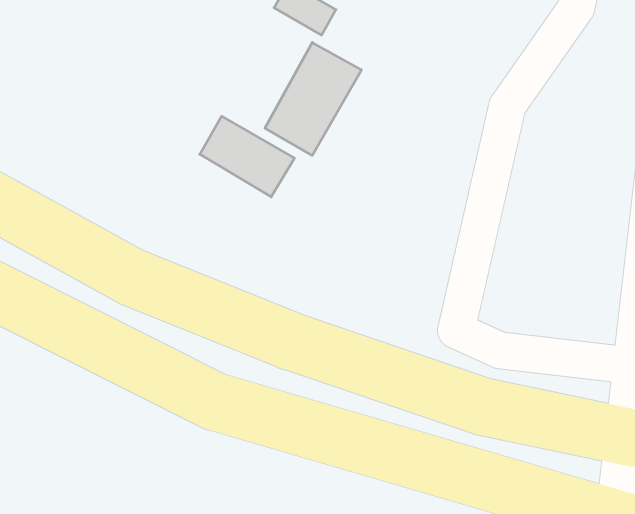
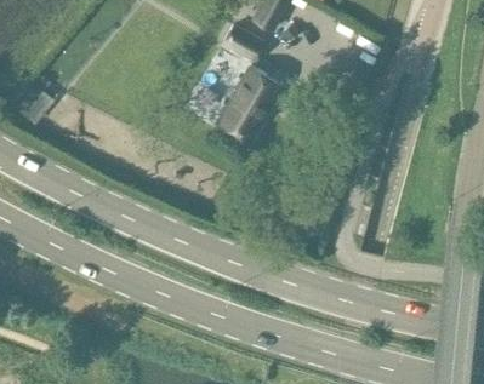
building: [200,116,294,197] -> none

